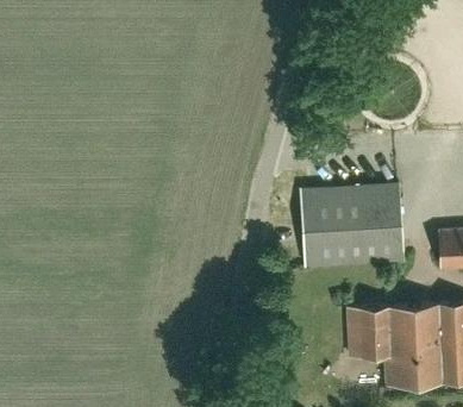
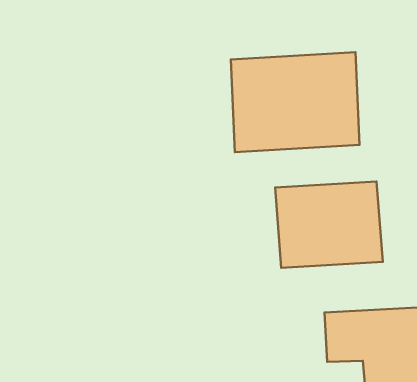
building: none -> [231,52,360,152]

